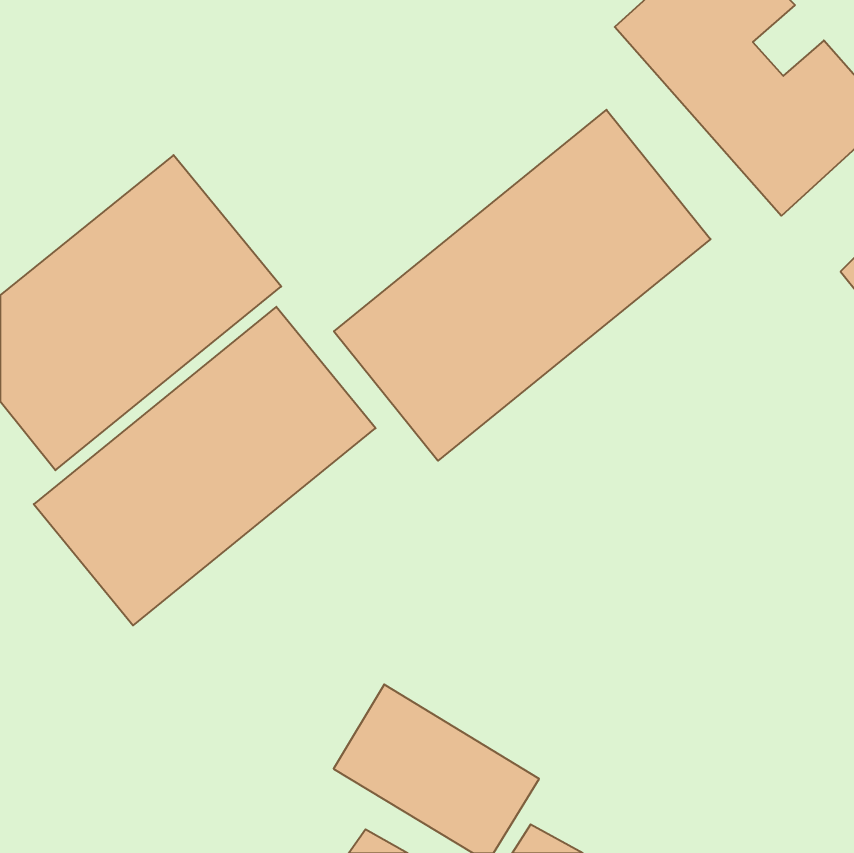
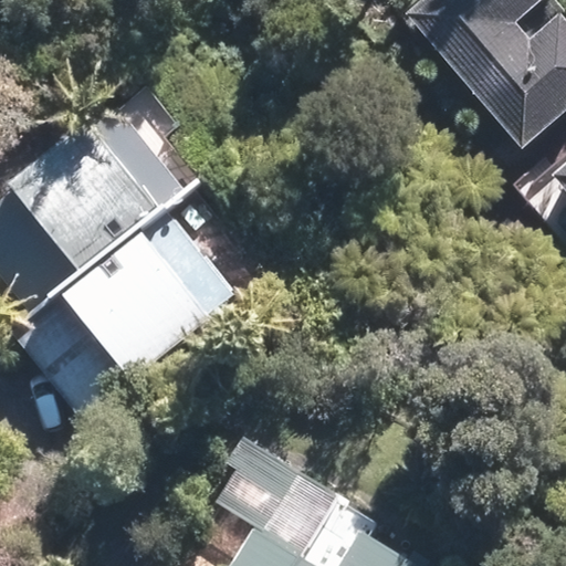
building: [334,110,711,461] -> none

